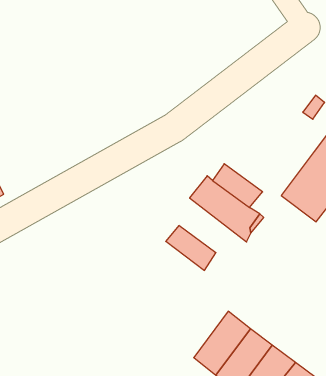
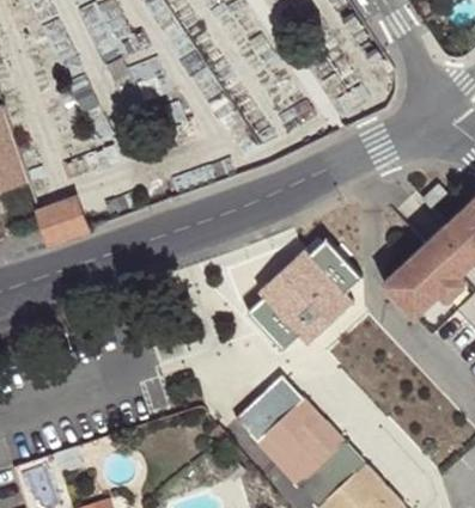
building: none -> [261,270,336,344]
building: none -> [237,375,304,441]

